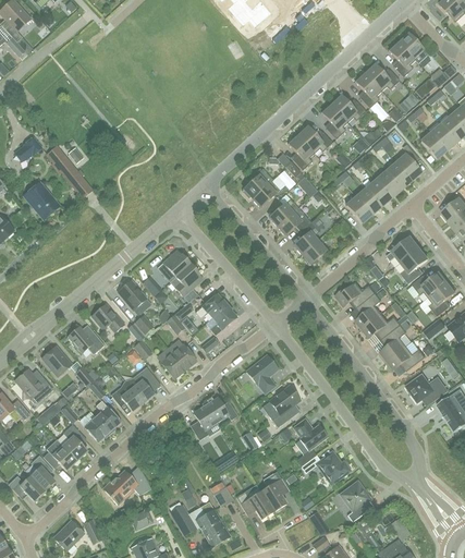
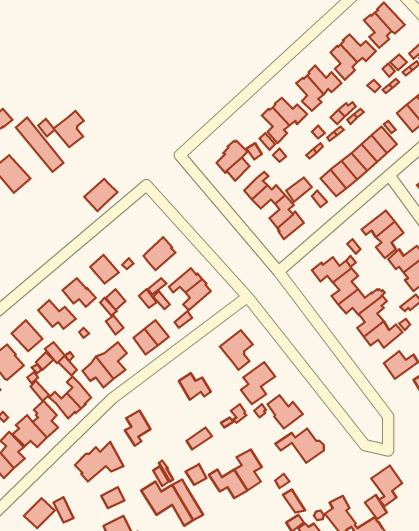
building: none -> [54,111,84,147]
building: [158,250,191,281] -> [84,179,118,211]
building: [192,404,217,439] -> [125,410,150,446]
building: [340,482,370,522] -> [371,465,402,506]

